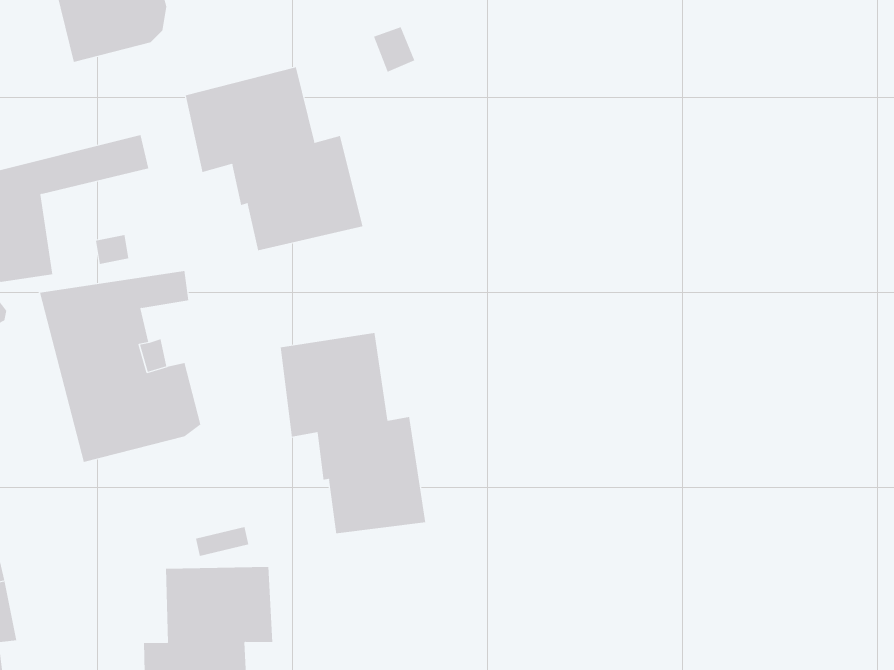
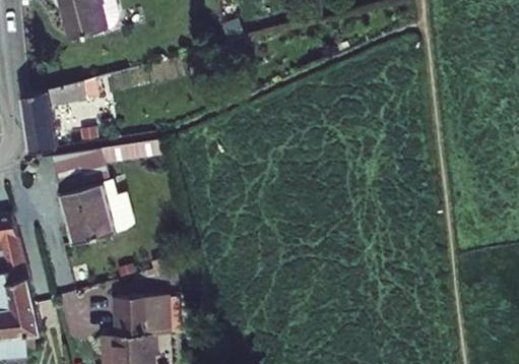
building: [185,67,363,251] -> none
building: [280,332,426,534] -> none

